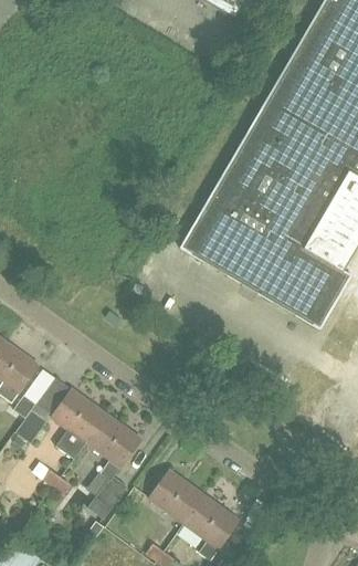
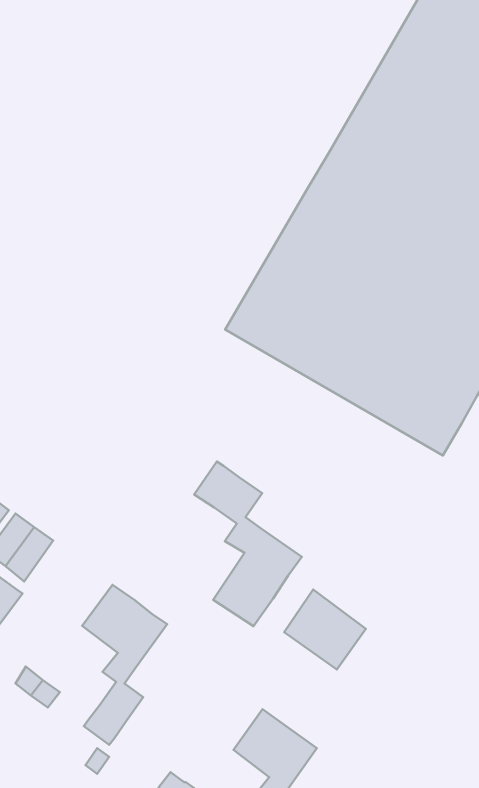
building: none -> [194,462,302,626]
building: [51,389,105,458] -> none
building: [149,470,202,522] -> [284,590,366,670]

